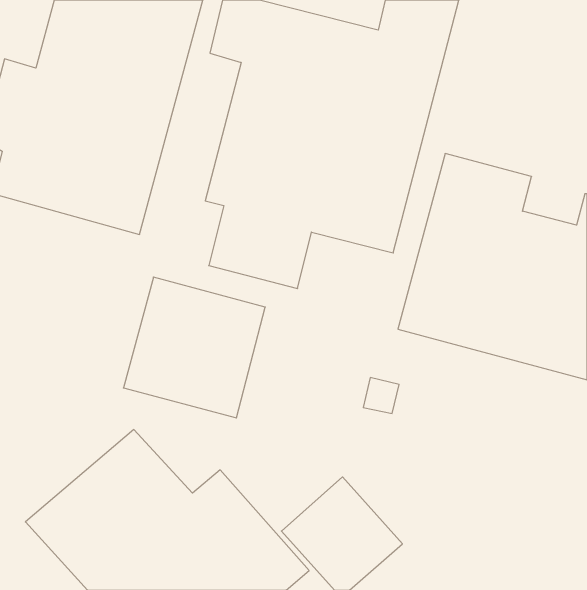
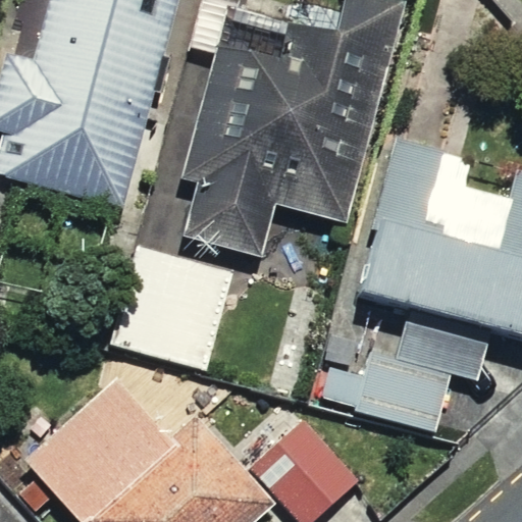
building: none -> [320,320,487,433]

